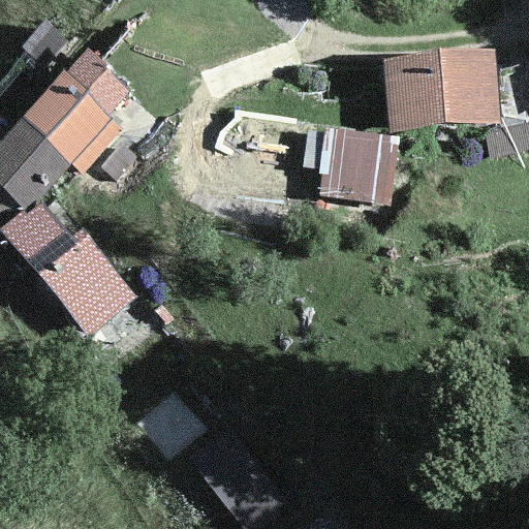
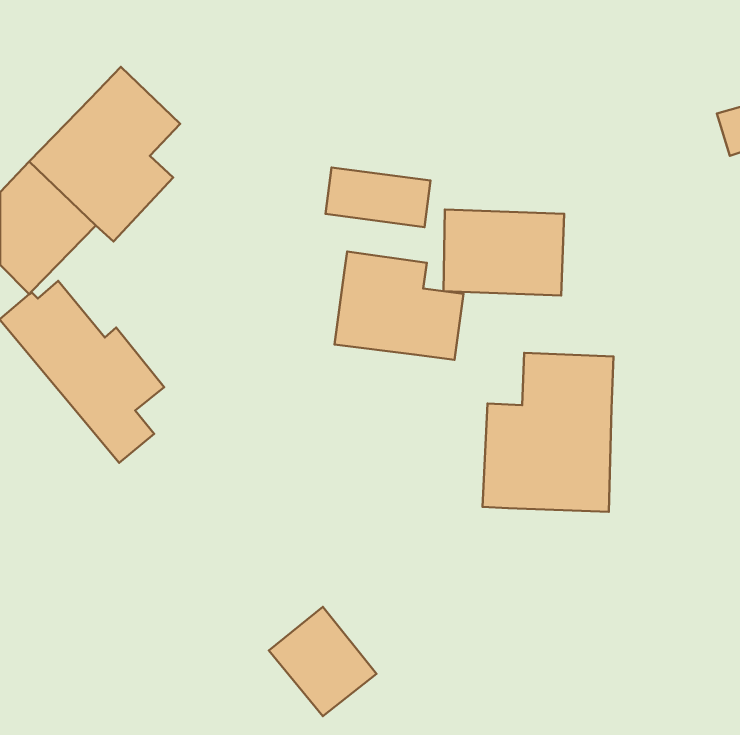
building: [383,48,502,128] -> none
building: none -> [335,251,463,360]
building: none -> [483,353,613,512]

